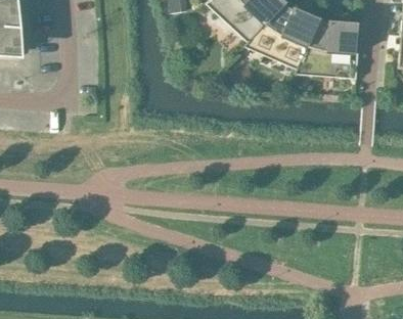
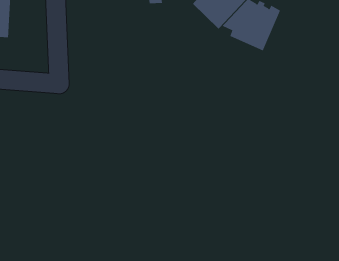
building: [297,20,360,81] -> none

